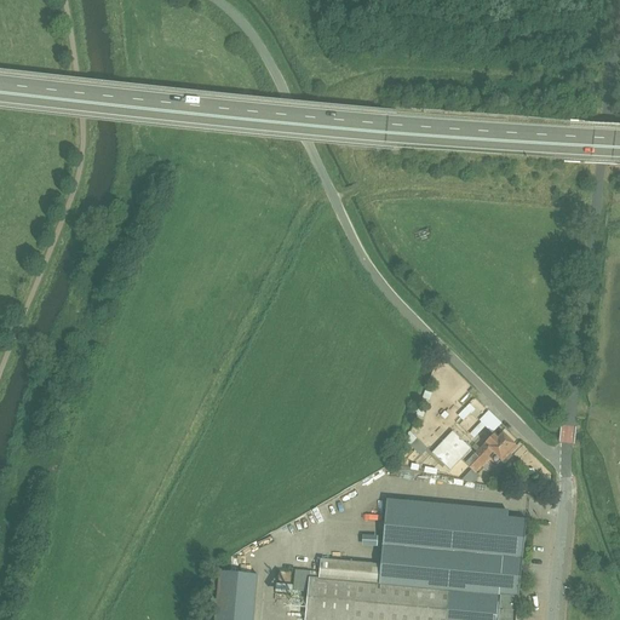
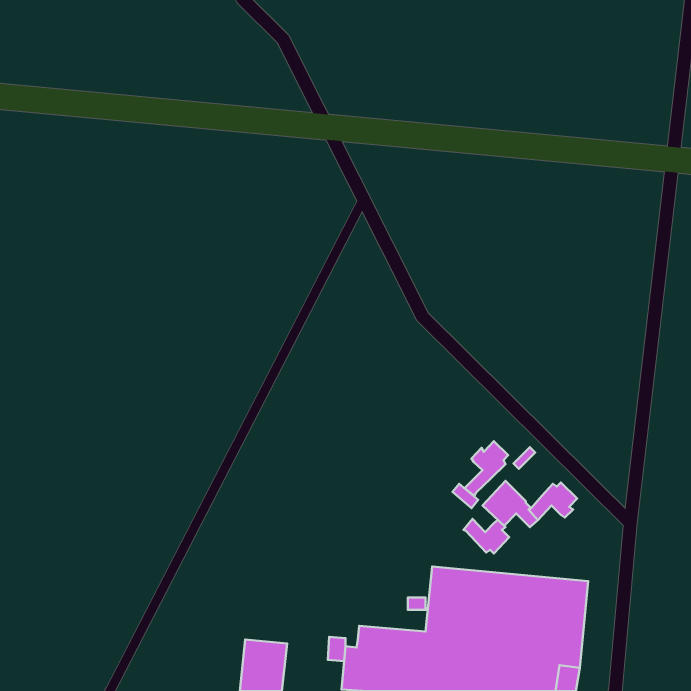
building: none -> [464,441,508,496]
building: none -> [463,519,509,553]

